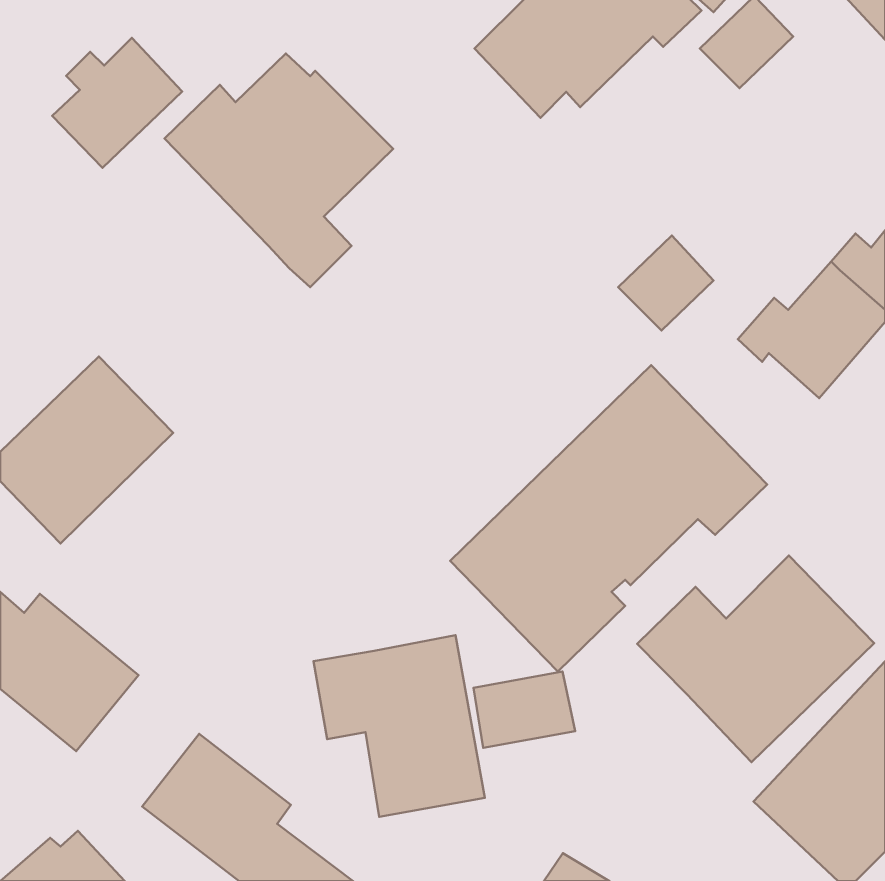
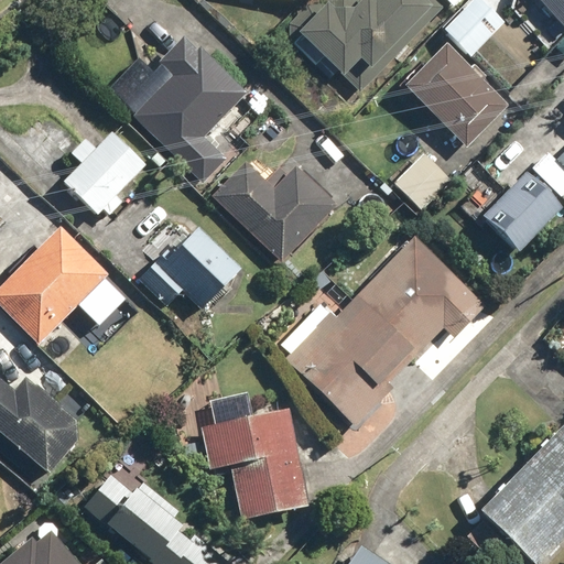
building: [52,38,182,168] -> [64,131,147,214]
building: none -> [402,40,510,148]
building: none -> [212,161,335,262]
building: none -> [134,226,241,310]
building: [637,555,874,762] -> none
building: [473,672,575,748] -> none

